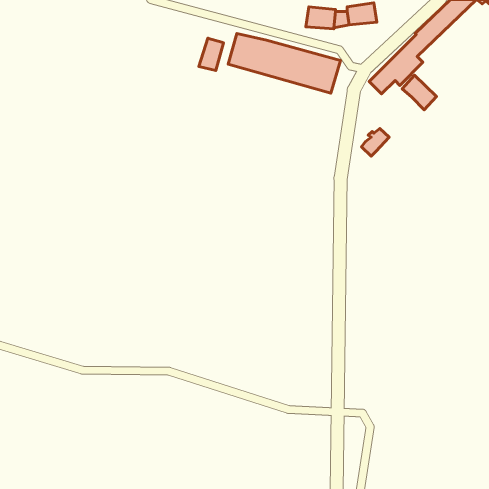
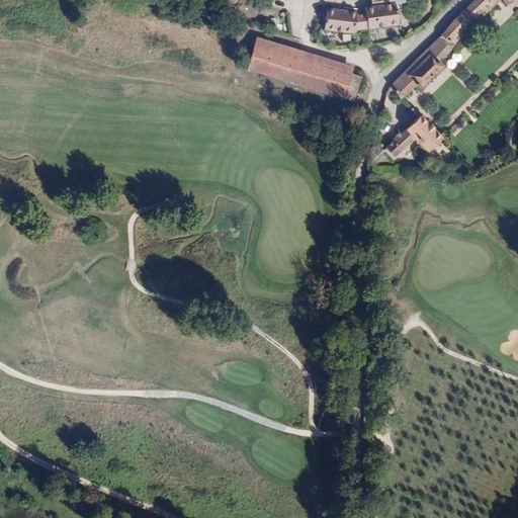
building: [199,38,223,70] -> none
building: [402,75,437,110] -> [401,121,437,158]

